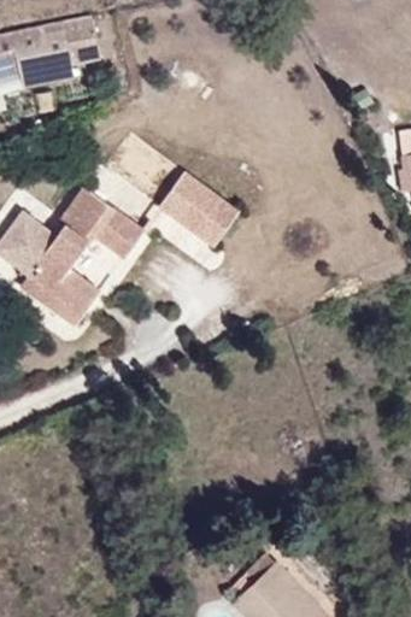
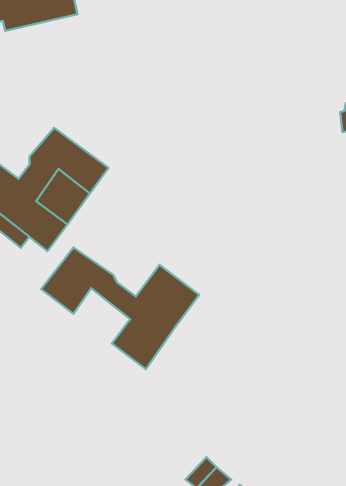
building: [162,174,241,248] -> none
building: none -> [41,247,199,369]

